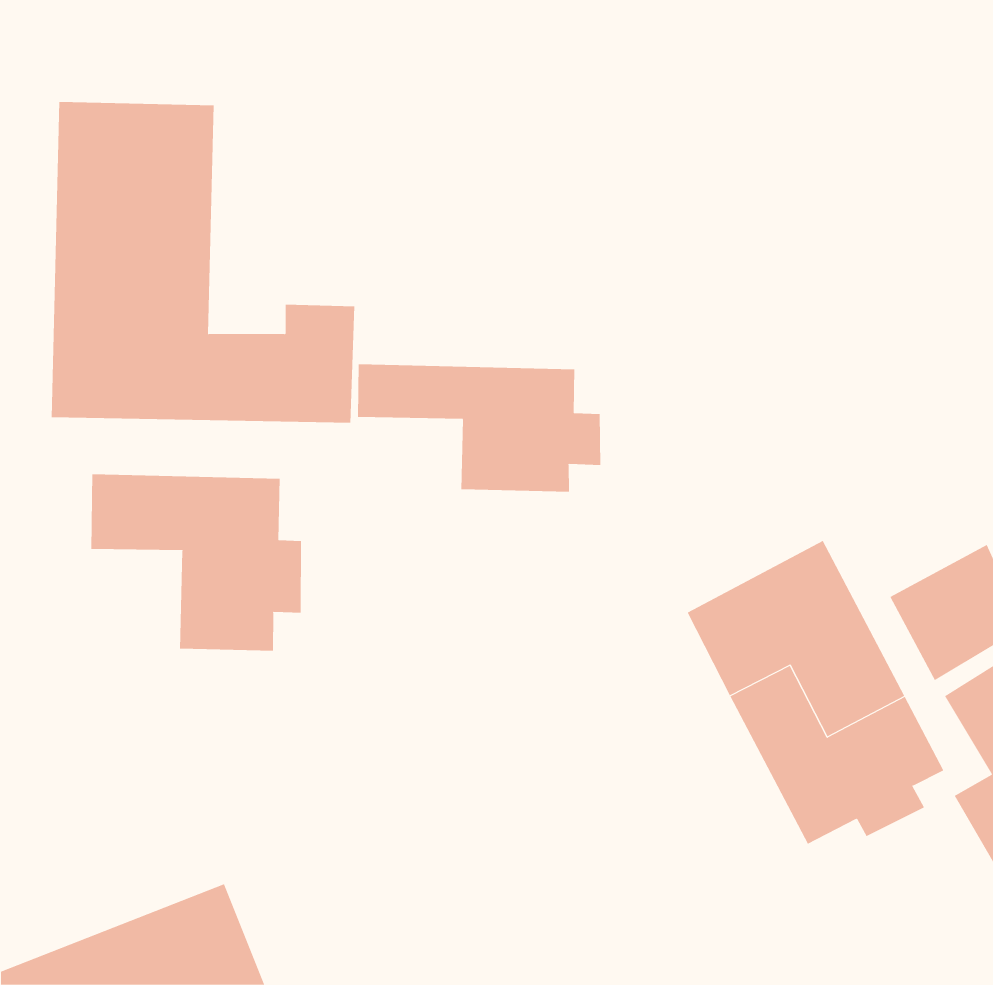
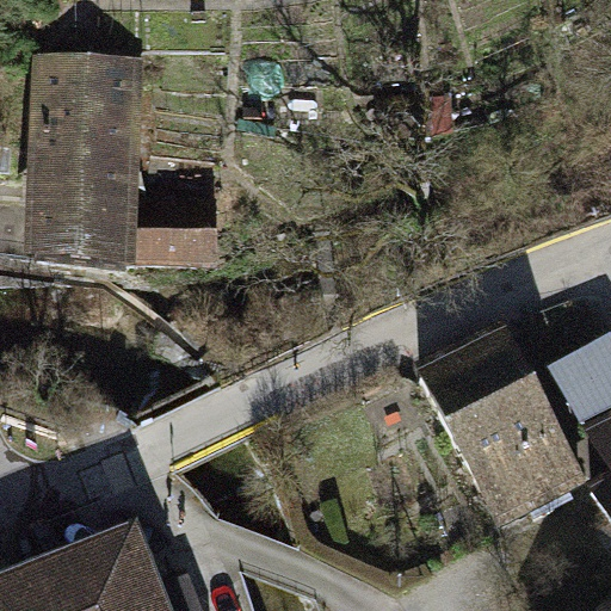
building: [357,363,601,492] -> none
building: [91,474,302,651] -> none

